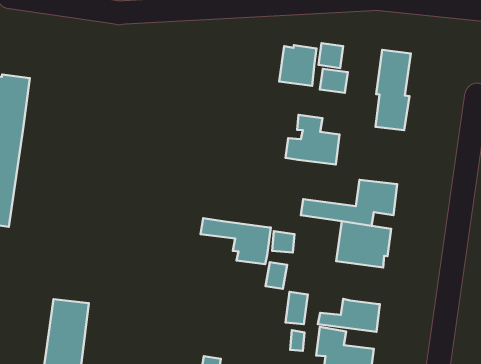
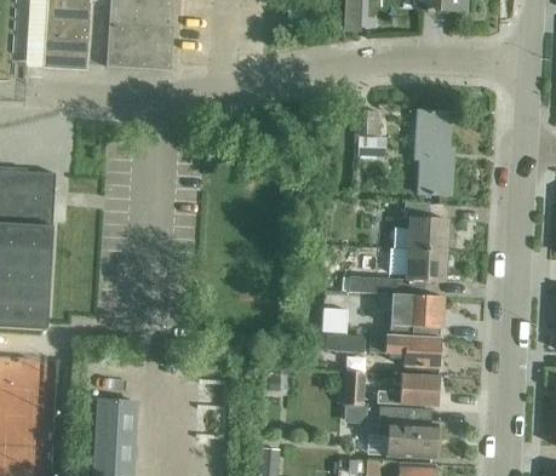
building: [279,45,317,86] -> none
building: [285,115,340,164] -> [394,201,448,250]
building: [201,218,271,264] -> [368,334,441,377]

